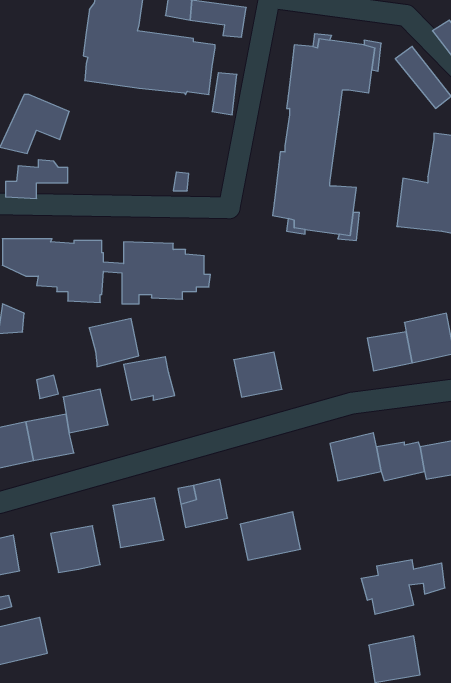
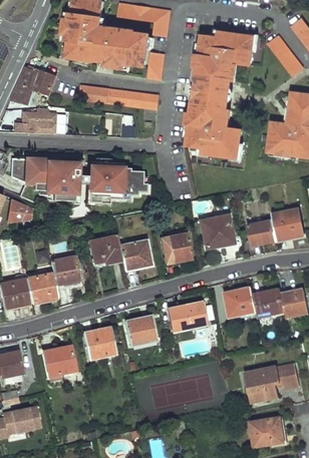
building: none -> [79,85,159,109]
building: [89,319,139,367] -> [119,241,151,272]
building: none -> [201,214,233,249]
building: [240,512,301,560] -> [168,301,207,332]

